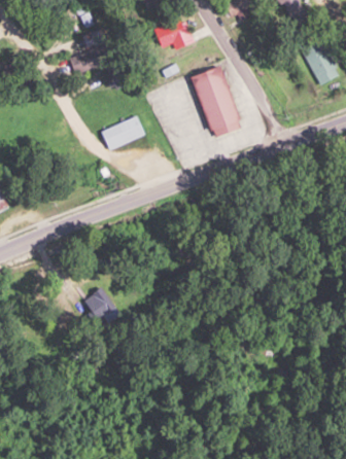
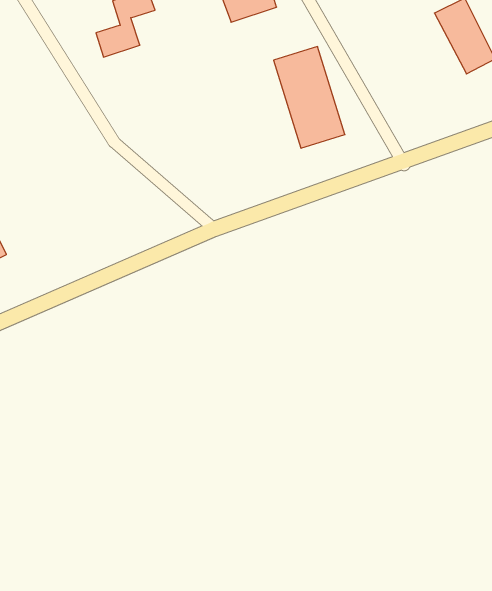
building: [100,115,144,149] -> none
building: [88,297,119,329] -> none

